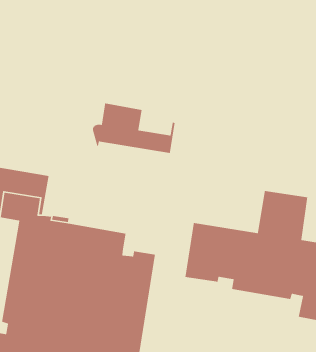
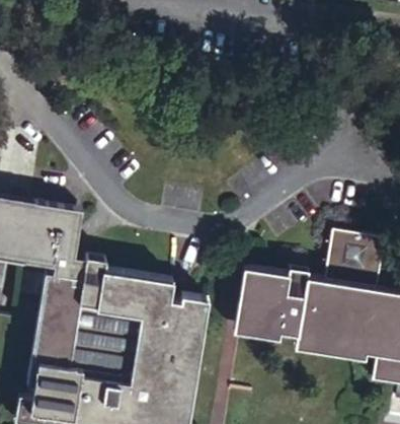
building: [92,102,176,154] -> none

